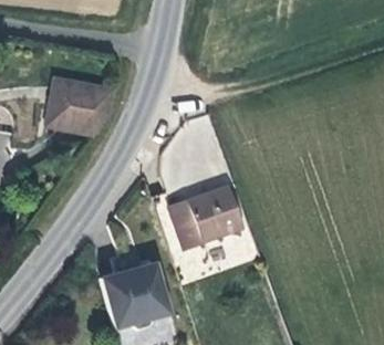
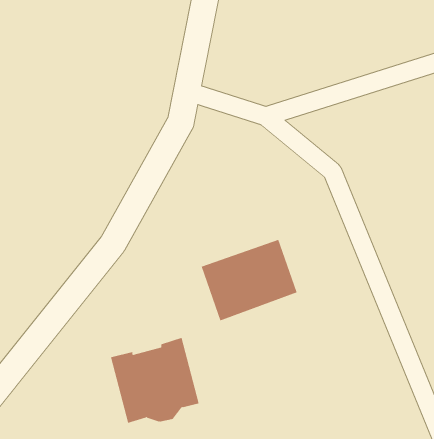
building: [45,79,113,136] -> none

